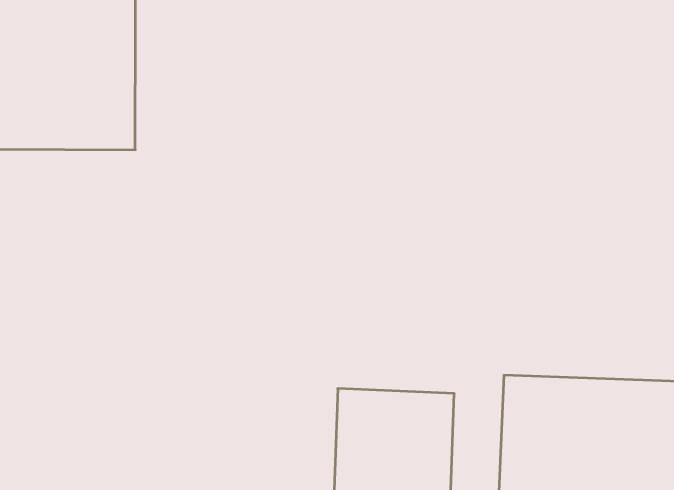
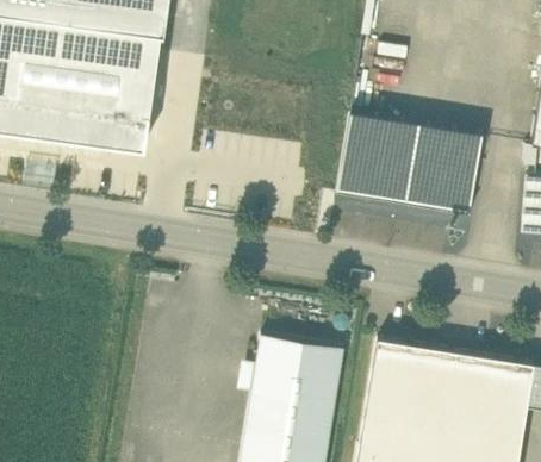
building: none -> [336,114,483,217]

